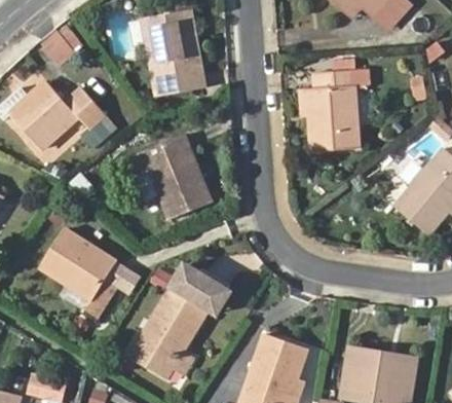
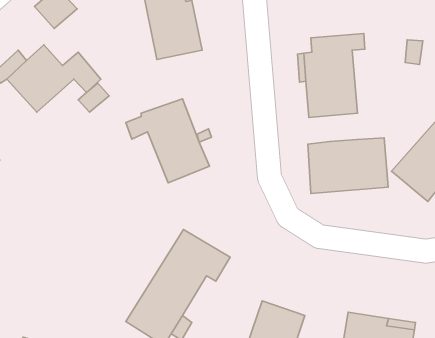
building: none -> [308,138,388,193]
building: [41,227,117,315] -> none

